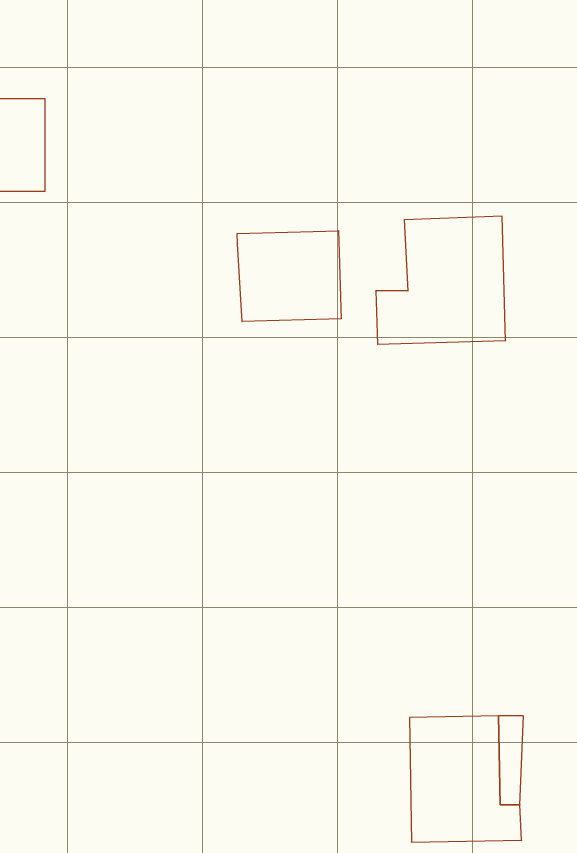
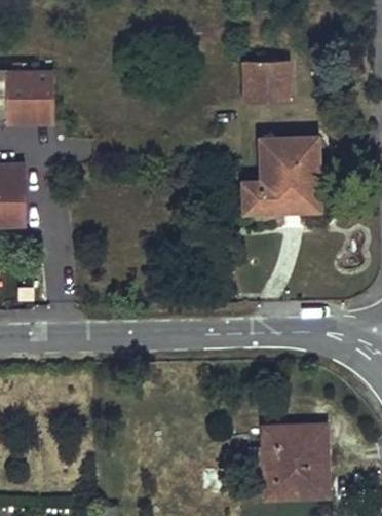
building: none -> [244,60,290,101]
building: [237,231,341,322] -> none

